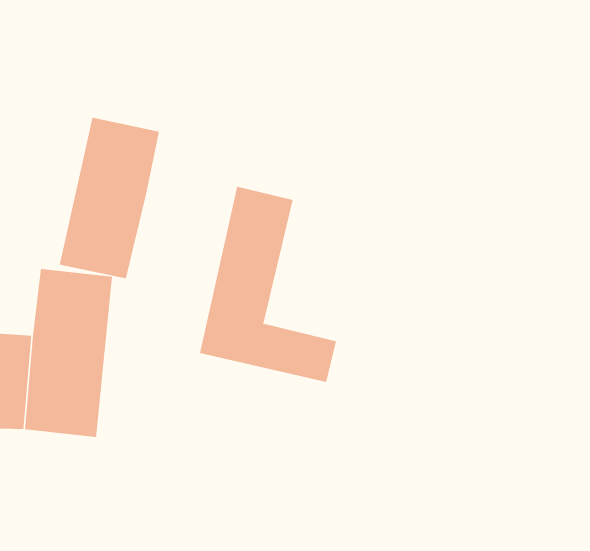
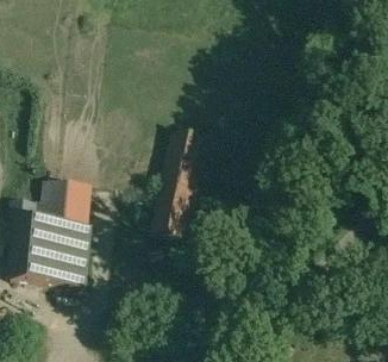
building: [59,117,159,279] -> none

